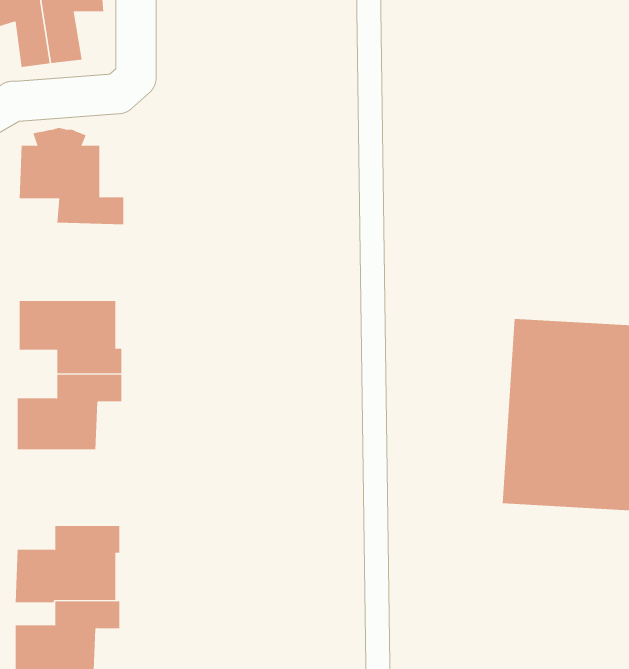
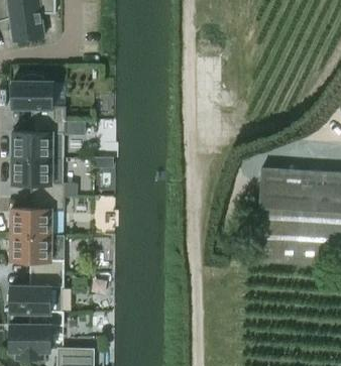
building: none -> [12,120,66,159]
building: none -> [11,235,64,273]

